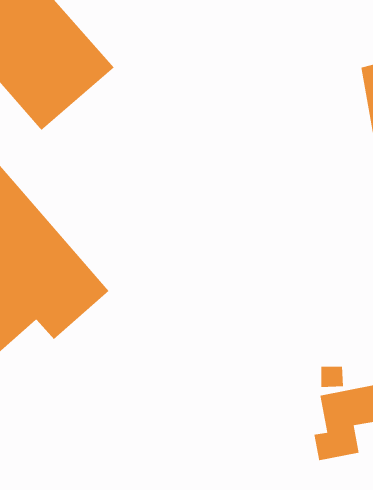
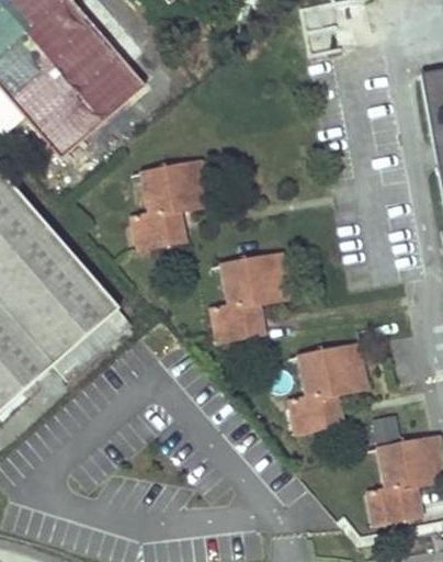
building: none -> [137,160,211,243]
building: none -> [215,254,293,341]
building: none -> [291,345,366,430]

